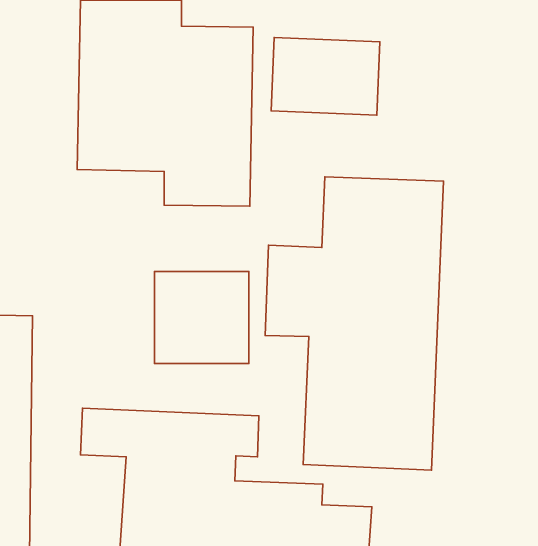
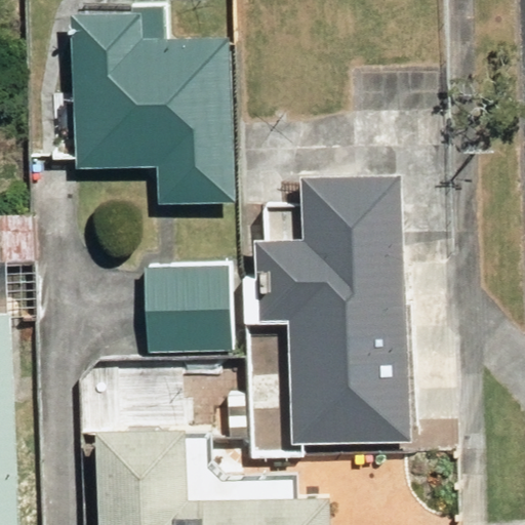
building: [271,37,380,115] -> none

